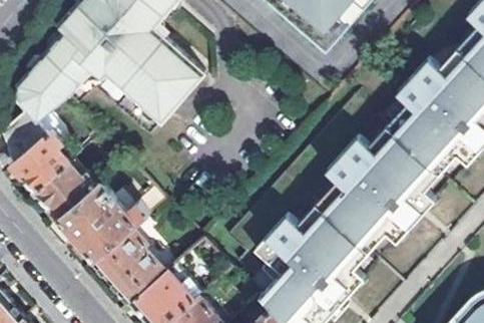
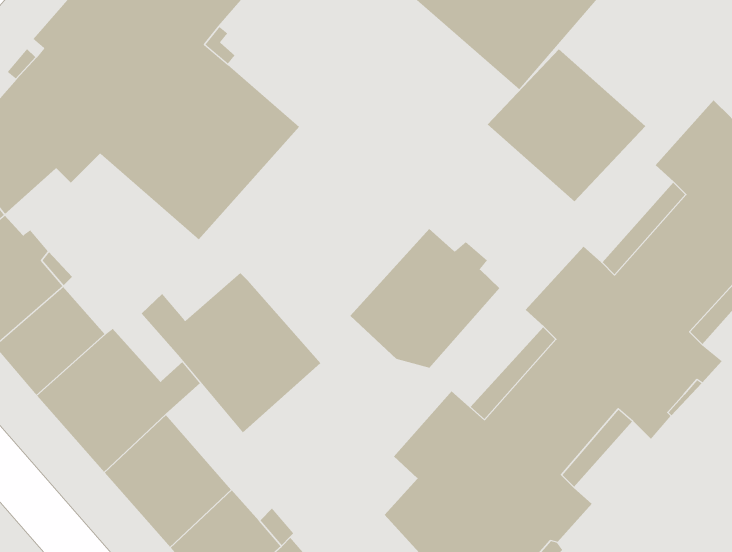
building: none -> [487,49,646,202]
building: none -> [349,228,500,369]
building: none -> [141,272,321,433]

